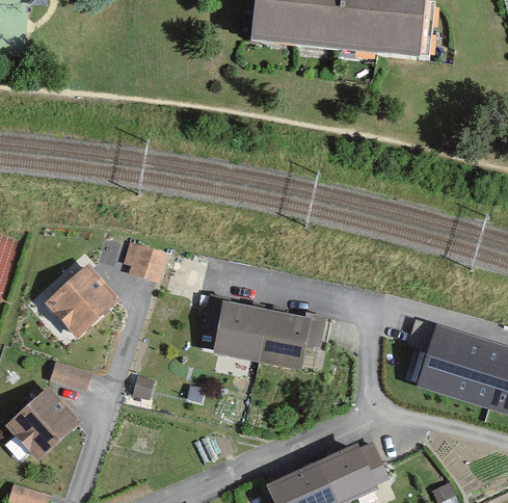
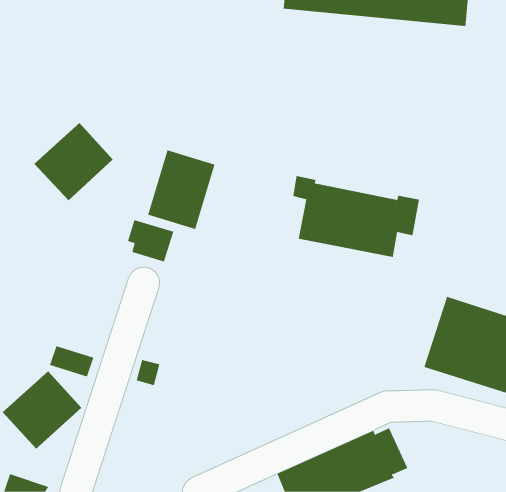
building: none -> [147,149,215,230]
building: [43,263,118,338] -> [33,122,114,201]
building: [205,293,325,371] -> [292,175,420,258]

